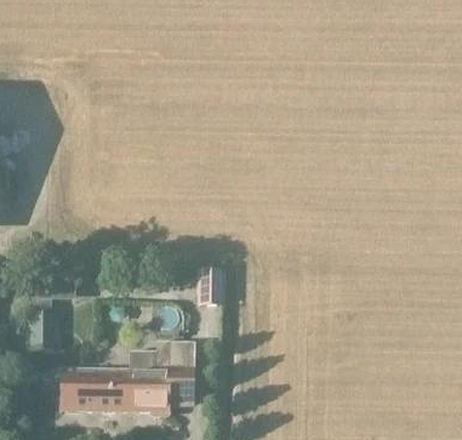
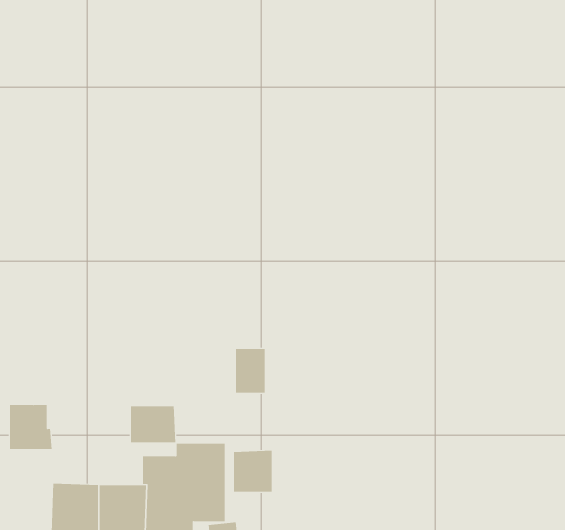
building: none -> [131,405,176,443]
building: none -> [233,450,272,493]

